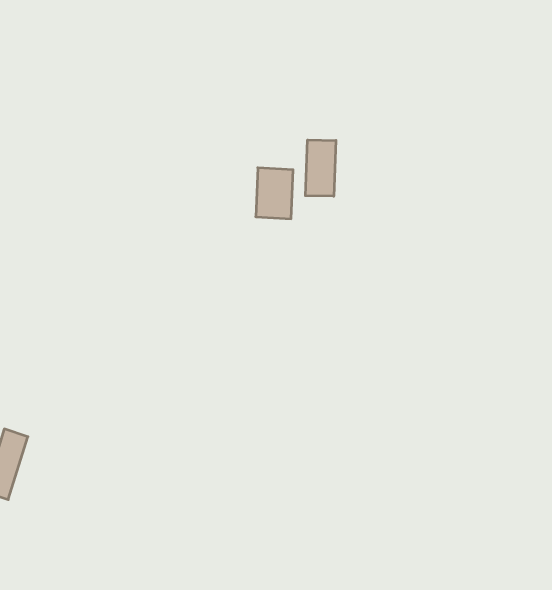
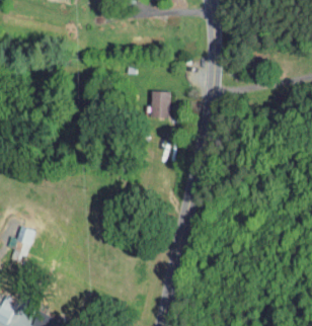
building: [305,140,336,196] -> none

